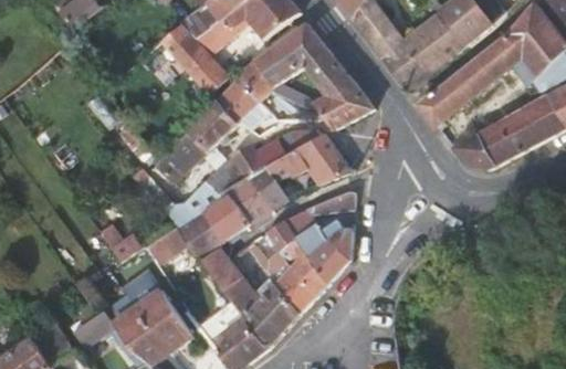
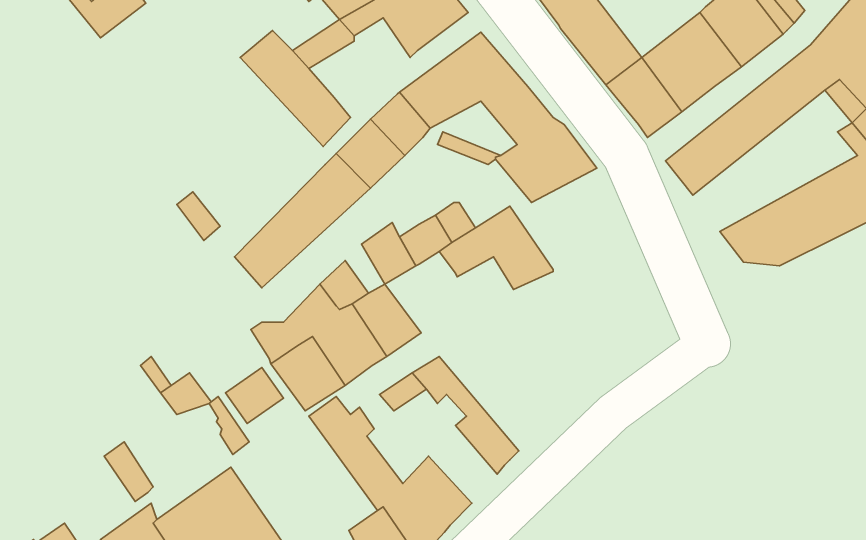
building: [247,159,290,209] -> none
building: [280,188,353,281] -> none
building: [268,260,315,313] -> none

